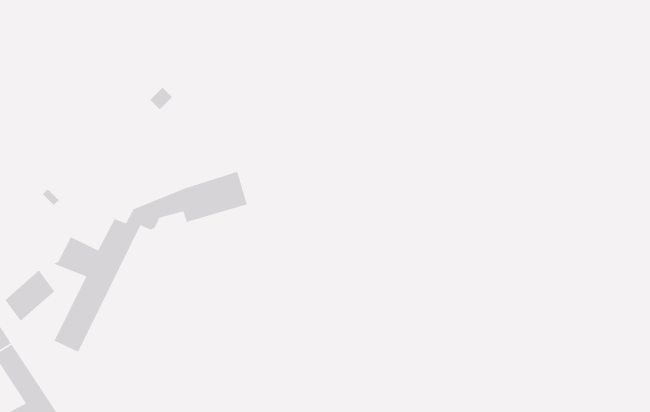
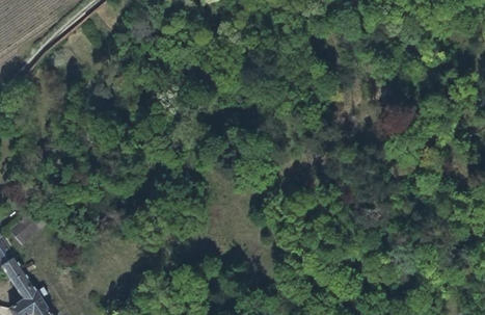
building: [52,171,248,353] -> none

